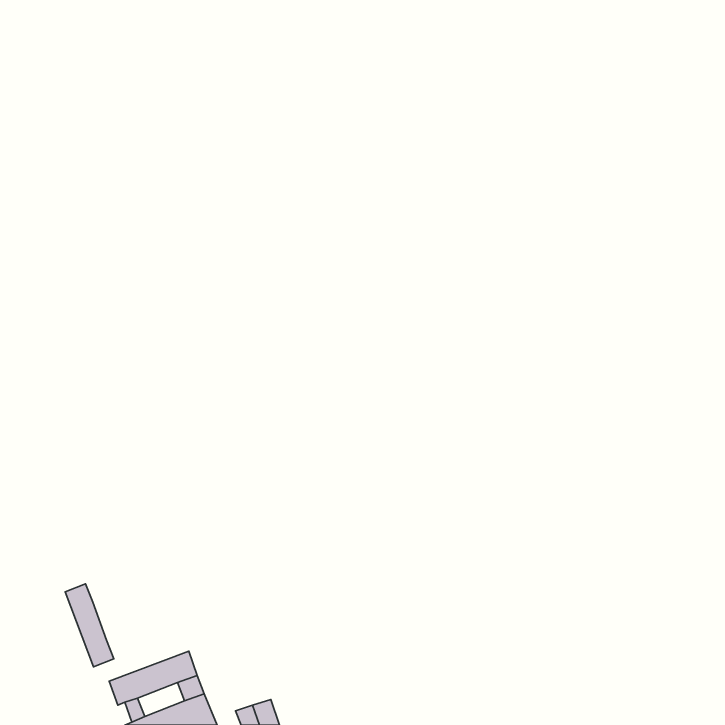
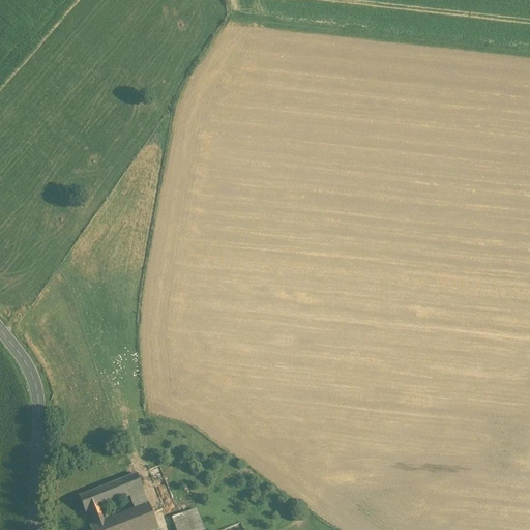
building: [65,584,114,667] -> none

